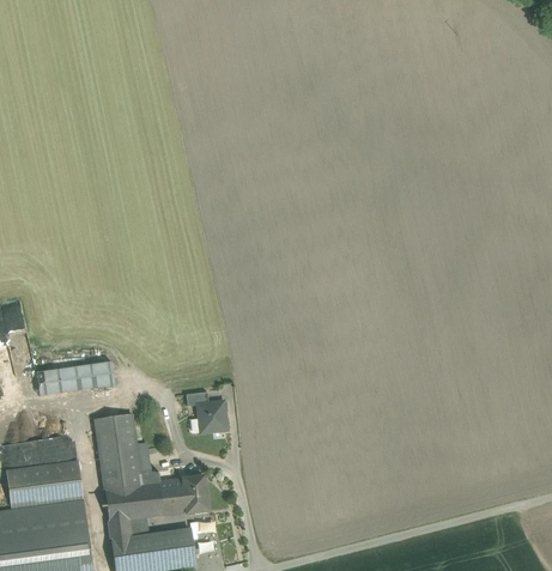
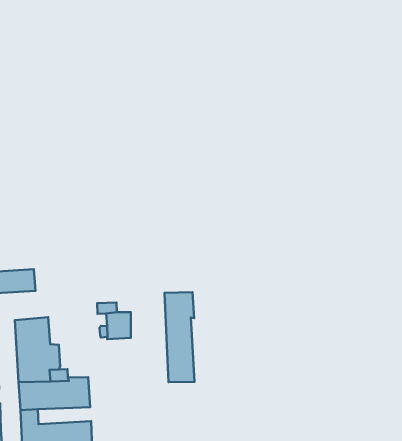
building: none -> [165,292,195,382]
building: [182,475,208,514] -> none

